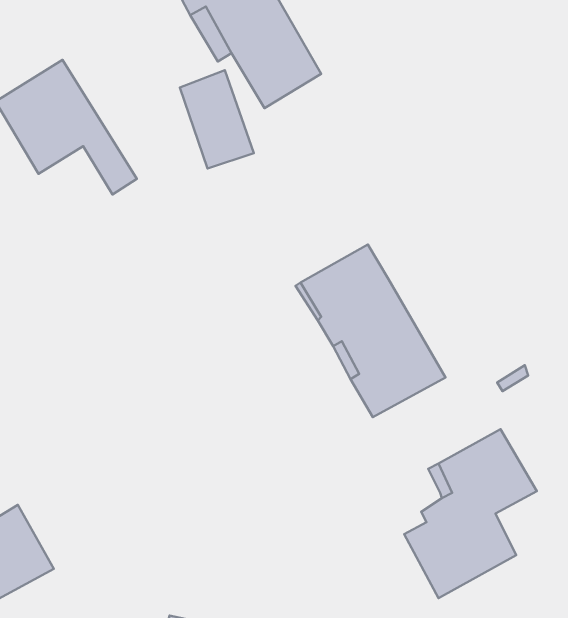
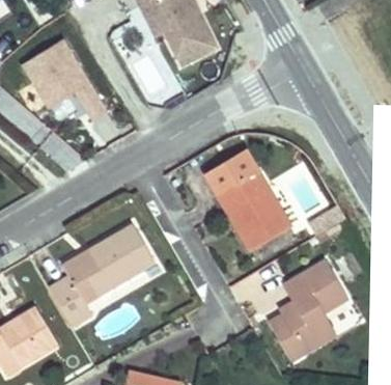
building: none -> [50,224,155,327]

